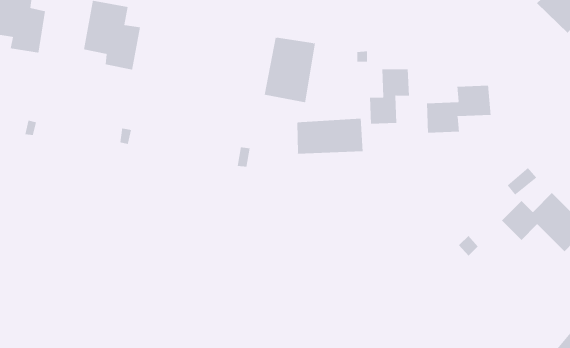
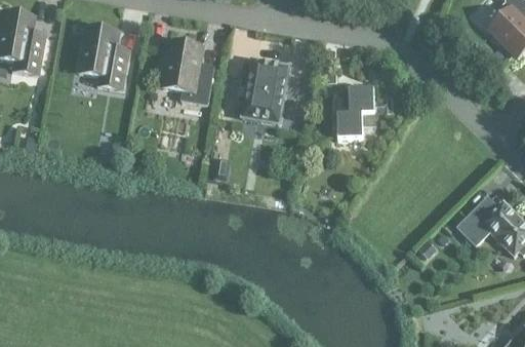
building: none -> [162,41,213,105]
building: [426,85,491,133] -> none
building: [296,118,363,154] -> none

